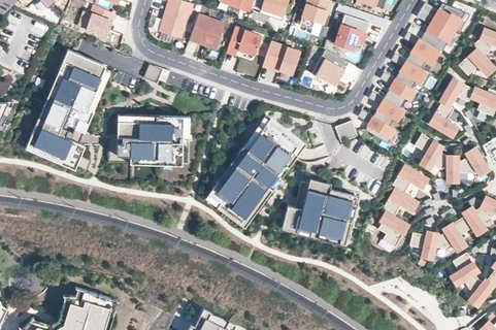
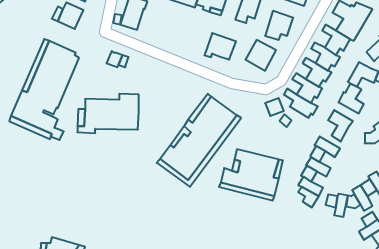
building: [190,14,225,48] -> none
building: [227,28,261,56] -> none
building: [430,154,456,185] -> none

